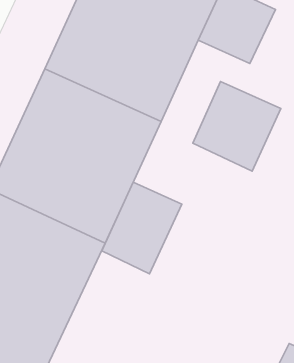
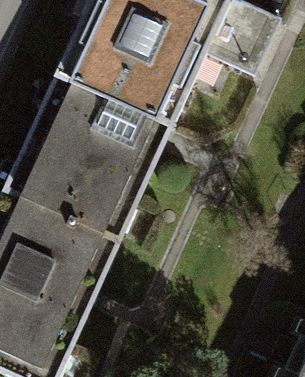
building: [193,81,281,171] -> none
building: [102,182,182,274] -> none

